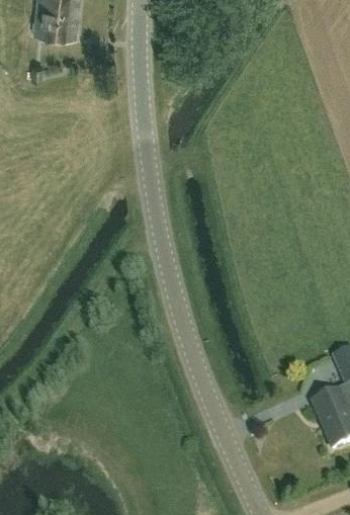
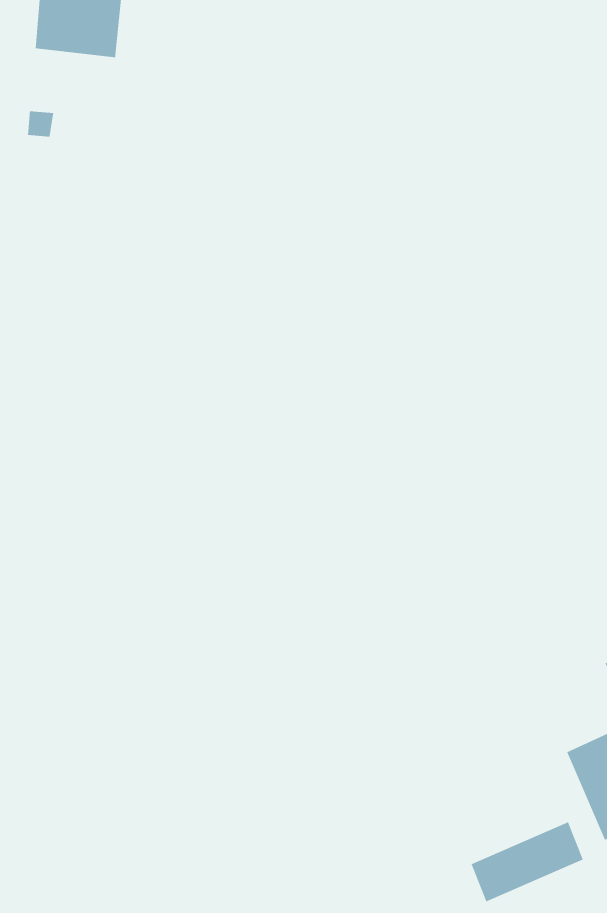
building: none -> [470,821,584,903]

